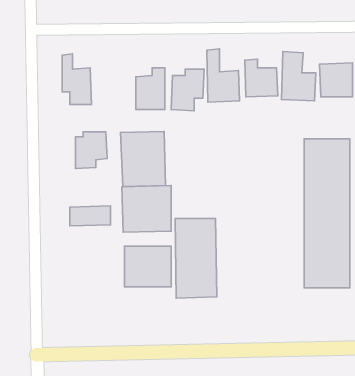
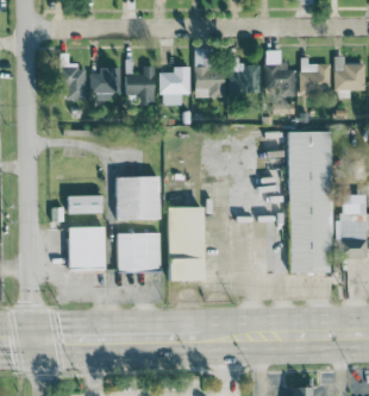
building: [120,131,165,187] -> none
building: [75,132,107,169] -> [93,67,123,101]
building: none -> [67,226,107,269]

